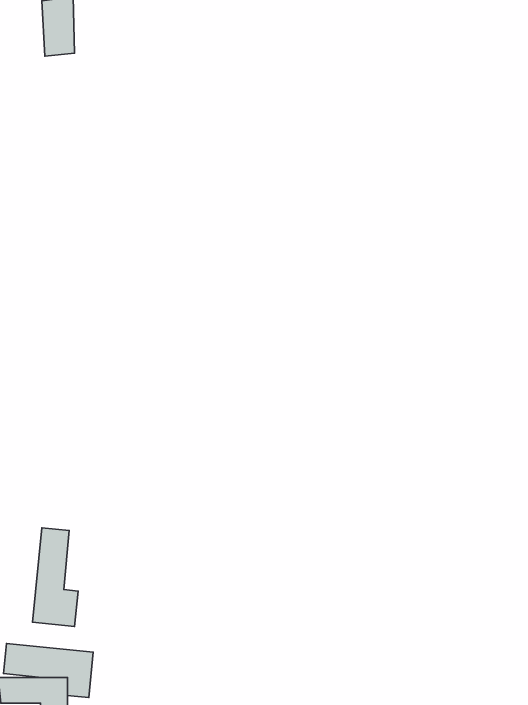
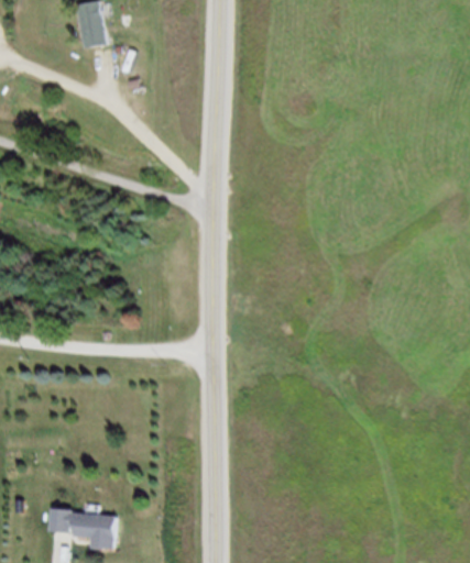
building: [33,528,78,627] -> none

